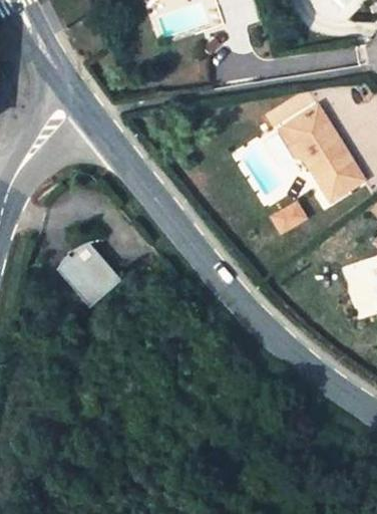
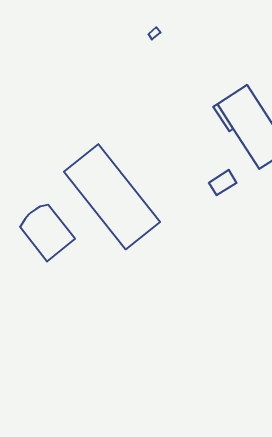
building: none -> [64,144,160,249]

